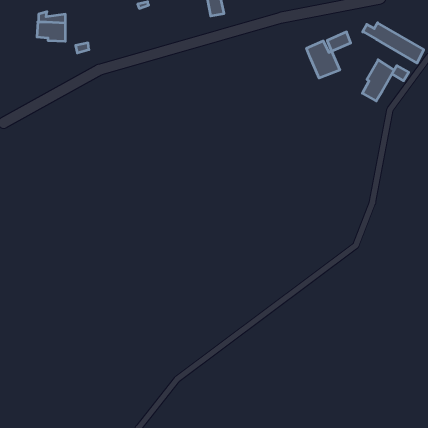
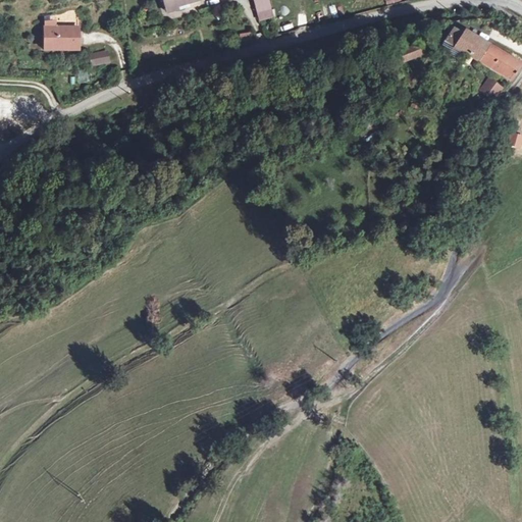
building: [307,41,340,78] -> none
building: [362,60,394,101] -> none

